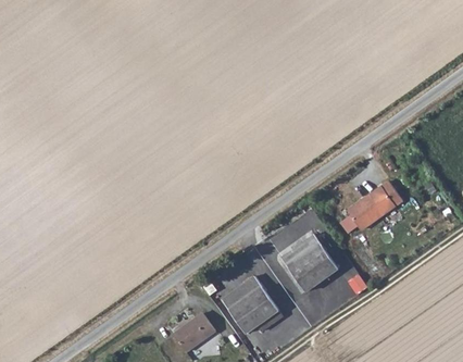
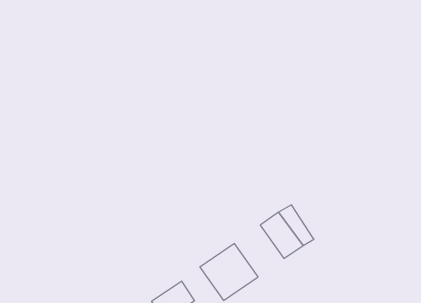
building: [346,184,400,230] -> none

